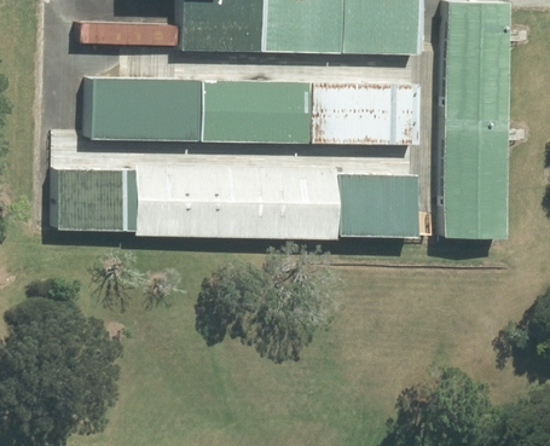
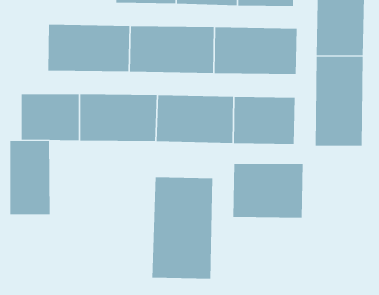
building: none -> [10,140,50,215]
building: none -> [233,163,303,218]
building: none -> [152,177,213,279]

